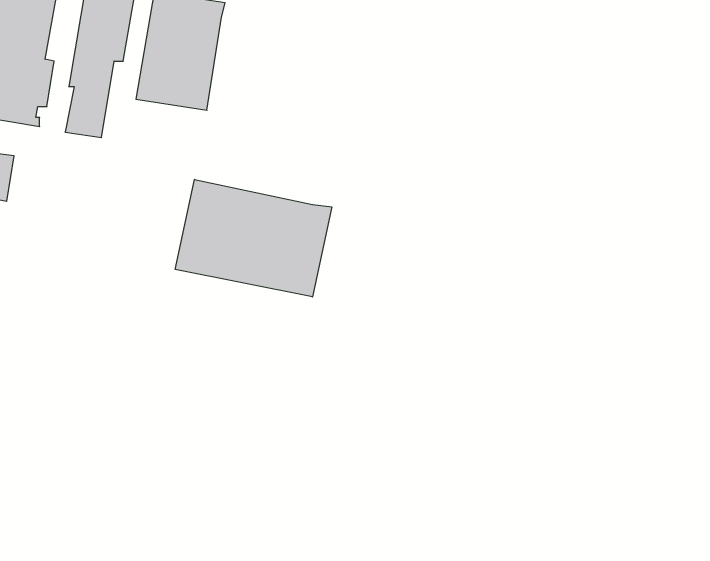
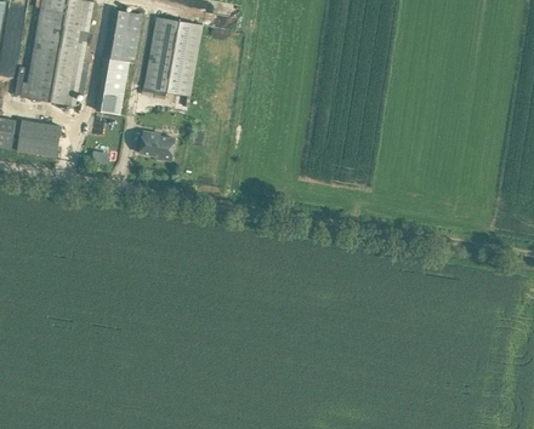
building: none -> [137,131,175,160]
building: [175,179,332,297] -> none

